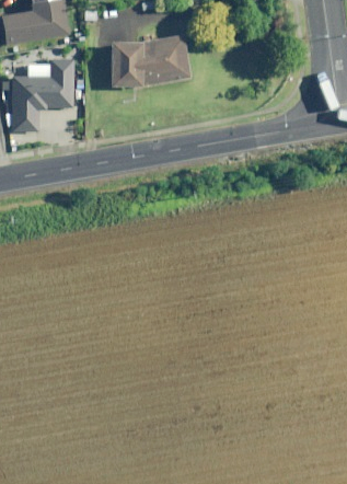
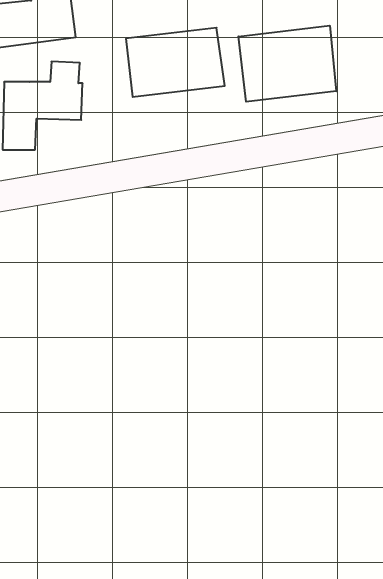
building: none -> [238,26,336,102]

